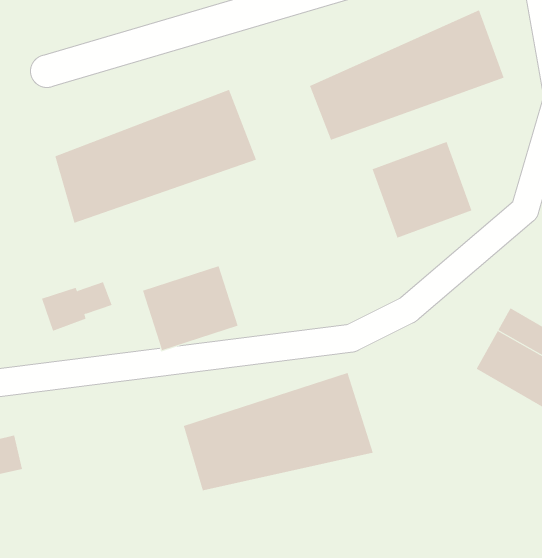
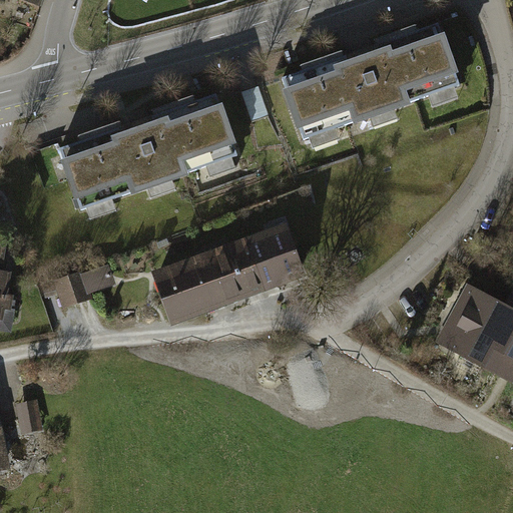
building: [372,141,472,238] -> none
building: none -> [210,226,296,302]
building: [183,372,373,491] -> none

